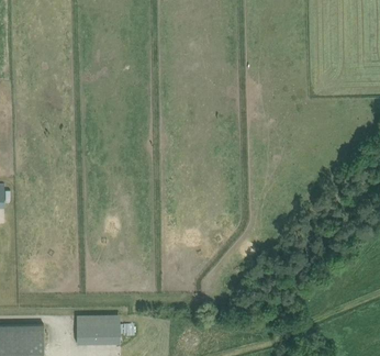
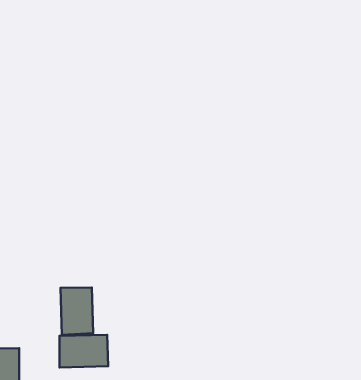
building: none -> [61,288,93,335]

